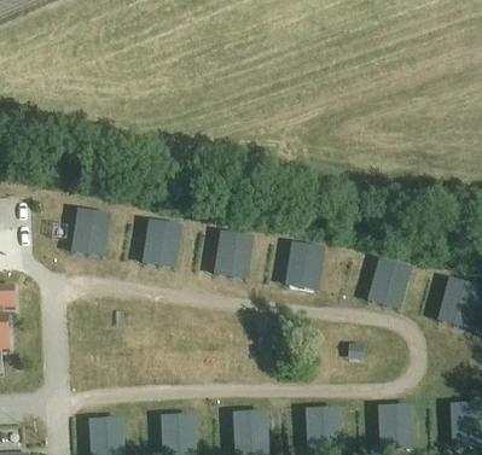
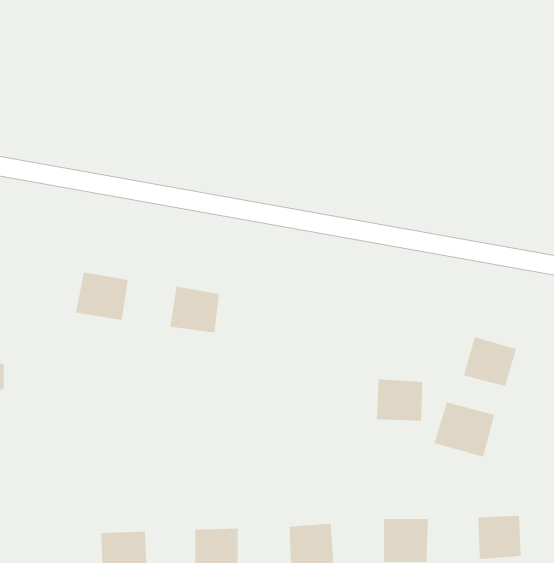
building: [214,240,254,276] -> none
building: [286,252,323,285] -> [376,379,423,421]
building: none -> [434,401,495,457]

